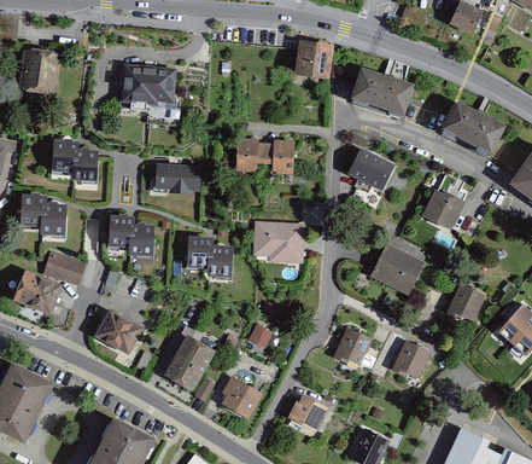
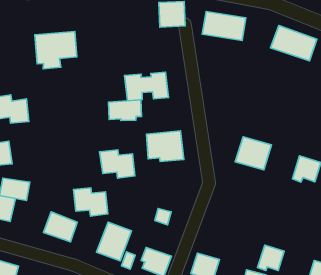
building: [349,152,396,192] -> none
building: [153,164,200,195] -> [109,100,142,121]
building: [421,190,464,232] -> none
building: [109,215,153,255] -> [73,188,108,216]
building: [331,327,372,366] -> none
building: [391,341,431,378] -> [257,245,284,271]

